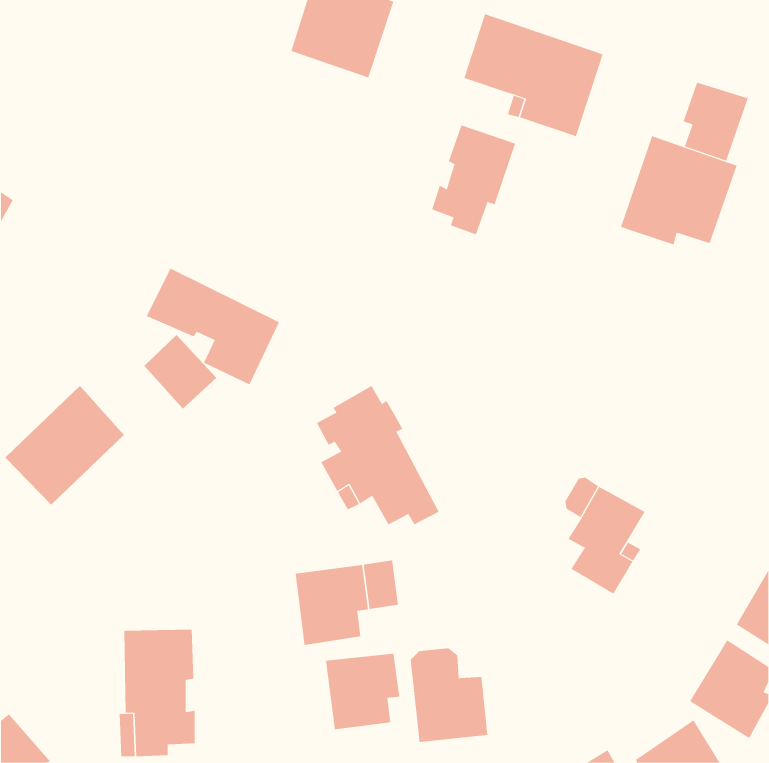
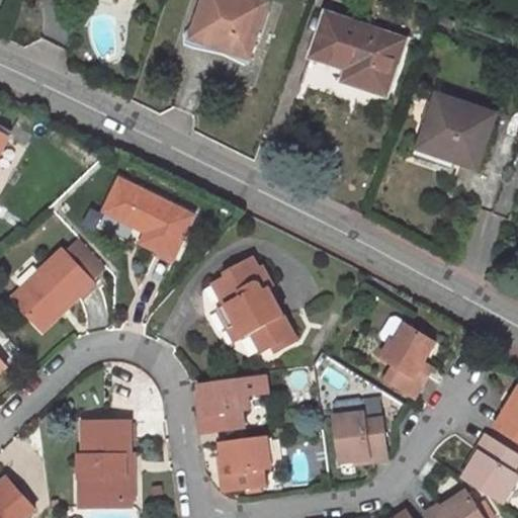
building: [683,82,748,162] -> none
building: [432,125,516,235] -> none
building: [144,334,217,409] -> [56,240,105,290]
building: [410,648,488,743] -> [333,401,385,464]

